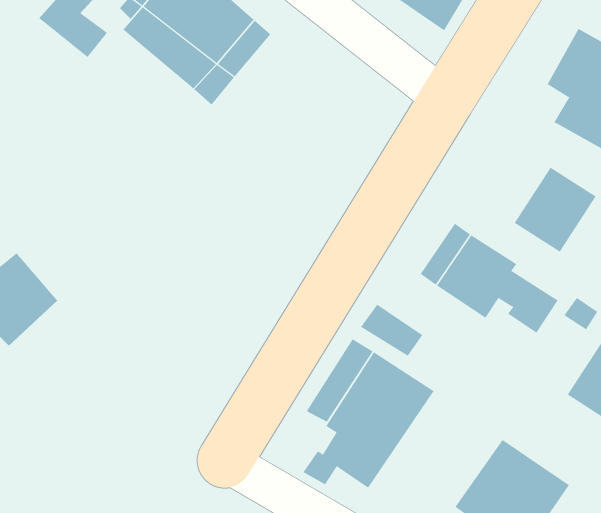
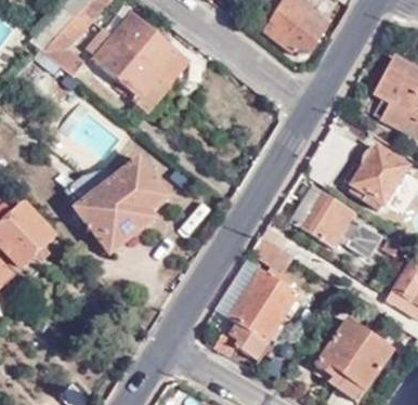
building: none -> [76,159,168,252]

